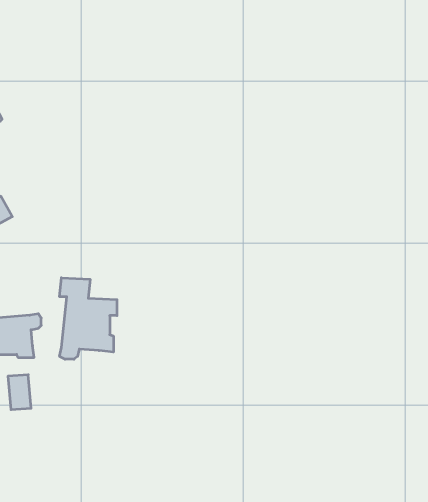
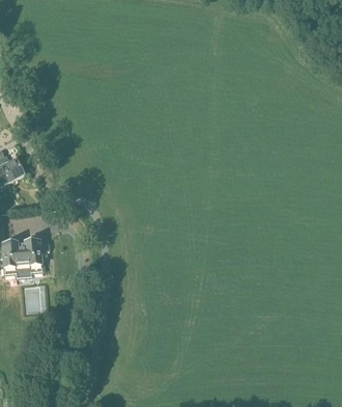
building: [60,278,117,359] -> none

